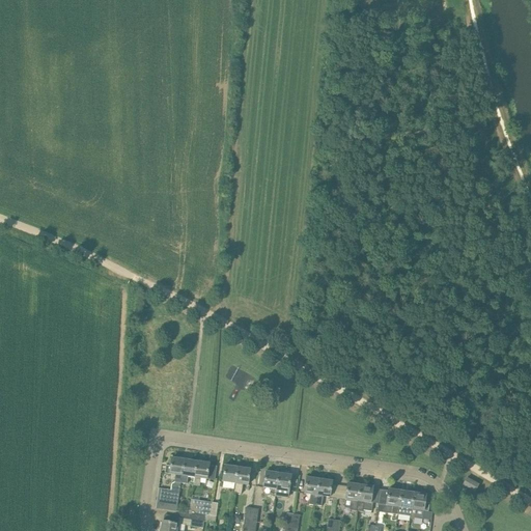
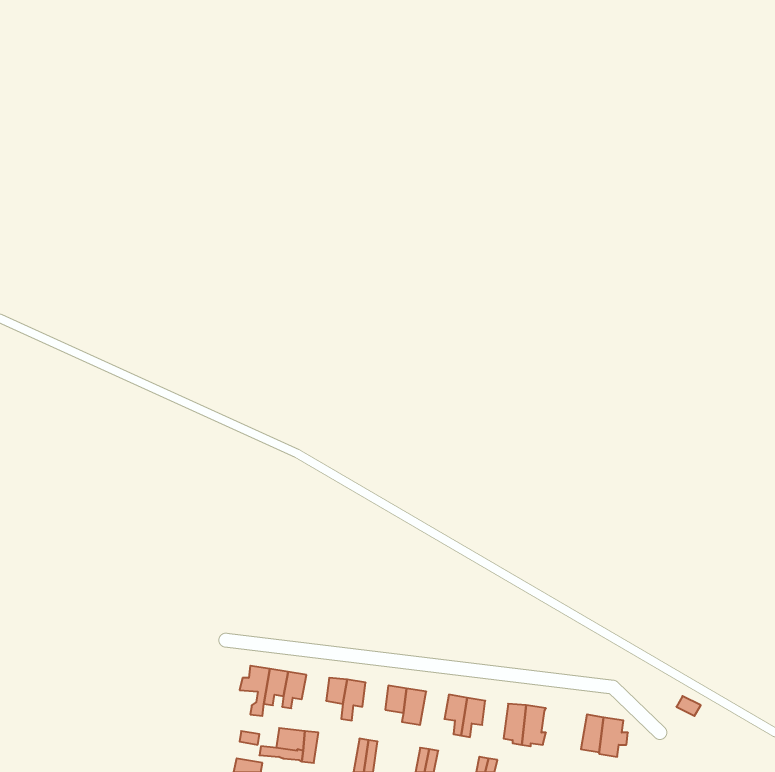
building: [379,484,401,512] -> none

